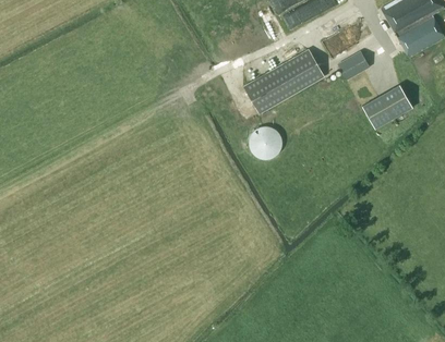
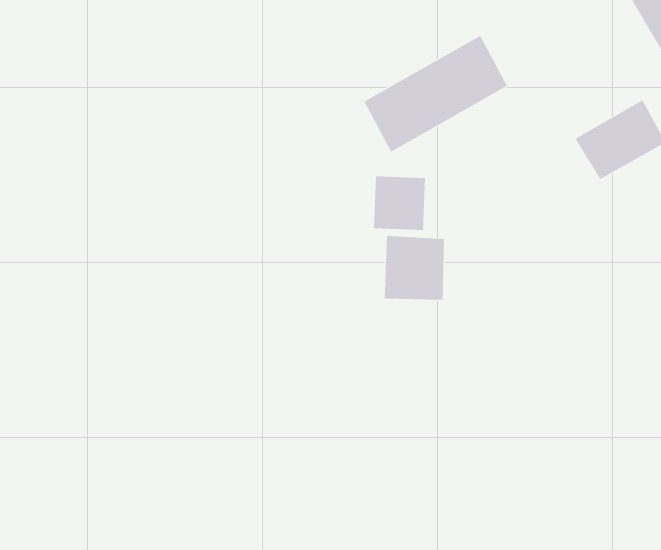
building: [337,50,370,80] -> none
building: none -> [384,235,445,300]

